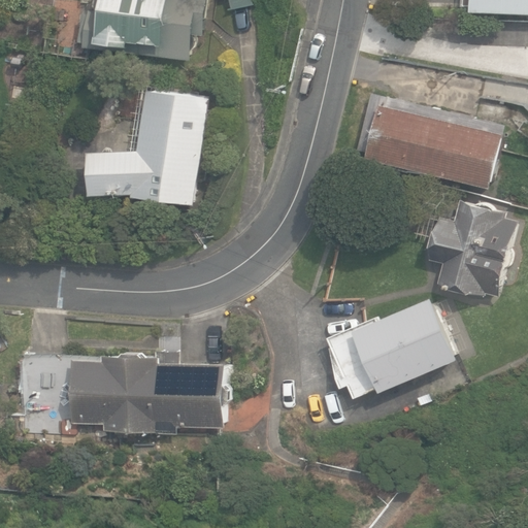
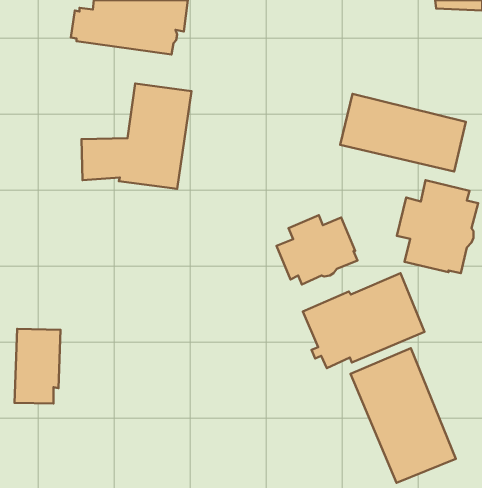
building: none -> [276,215,357,284]
building: [70,351,228,433] -> none
building: none -> [350,348,456,483]

